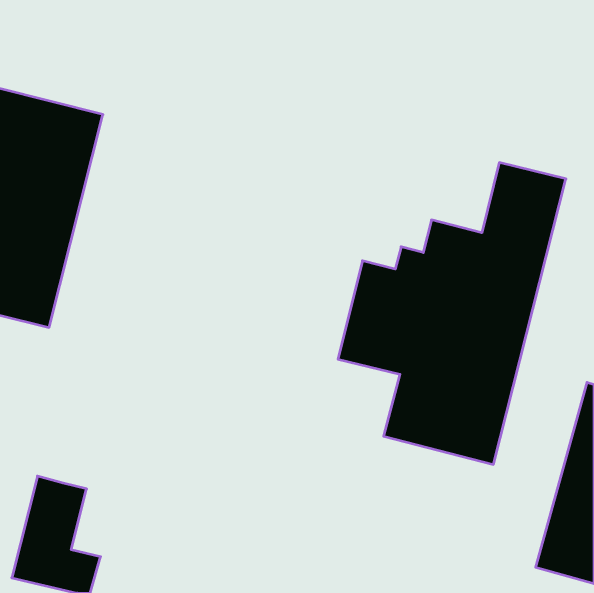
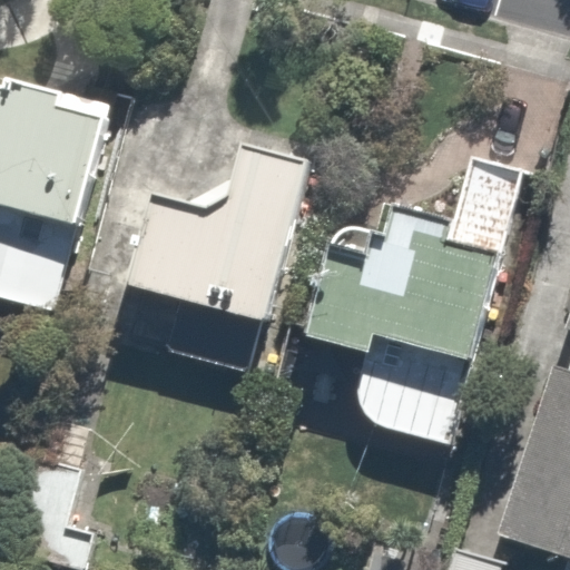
building: none -> [129,153,292,361]

